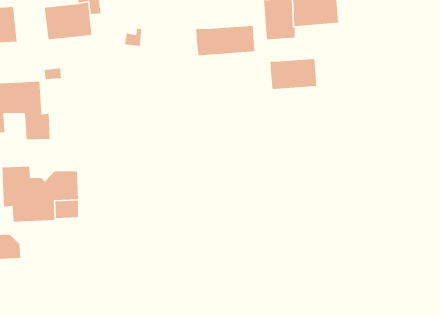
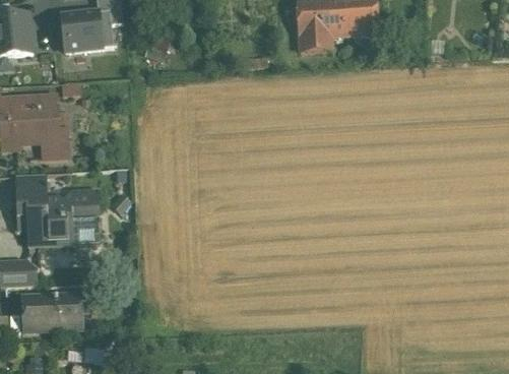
building: [196,25,255,56] -> none
building: [270,58,317,90] -> none
building: none -> [22,294,80,327]

